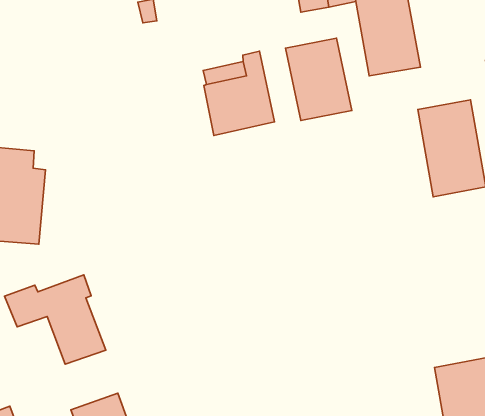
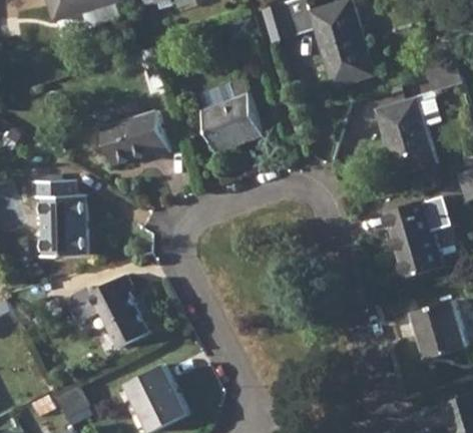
building: [285,38,352,121] -> none
building: none -> [101,111,169,163]
building: none -> [383,200,444,280]

